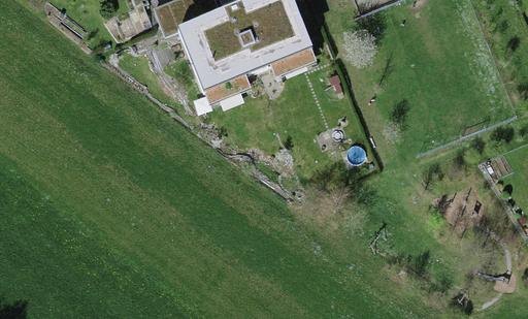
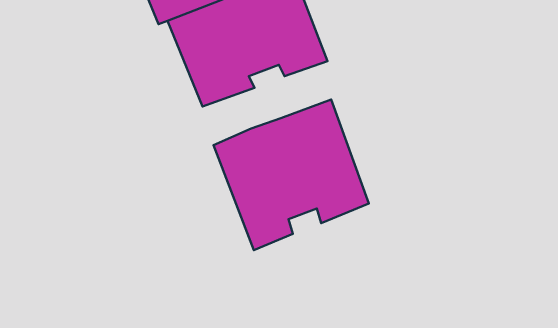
building: none -> [214,100,369,250]

